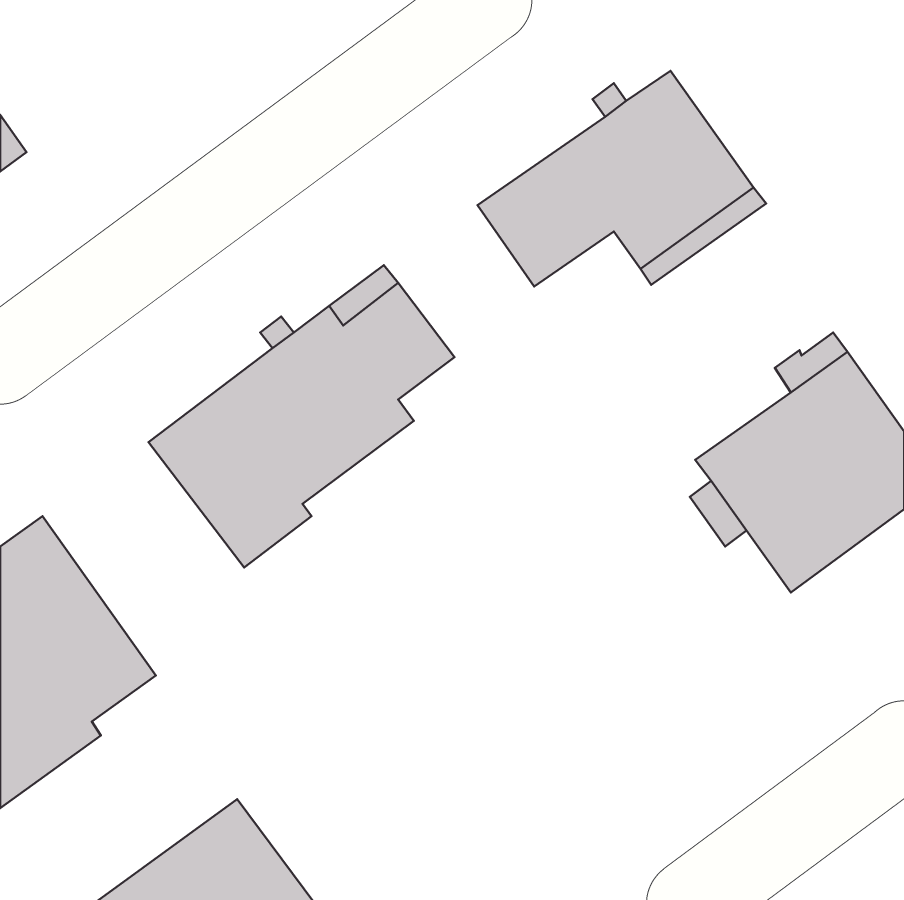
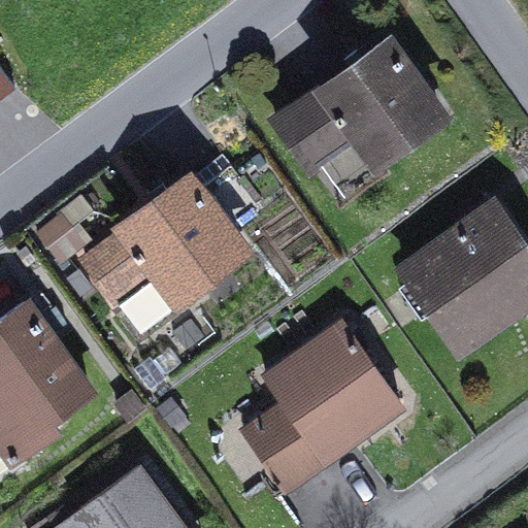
building: none -> [238,321,400,492]

